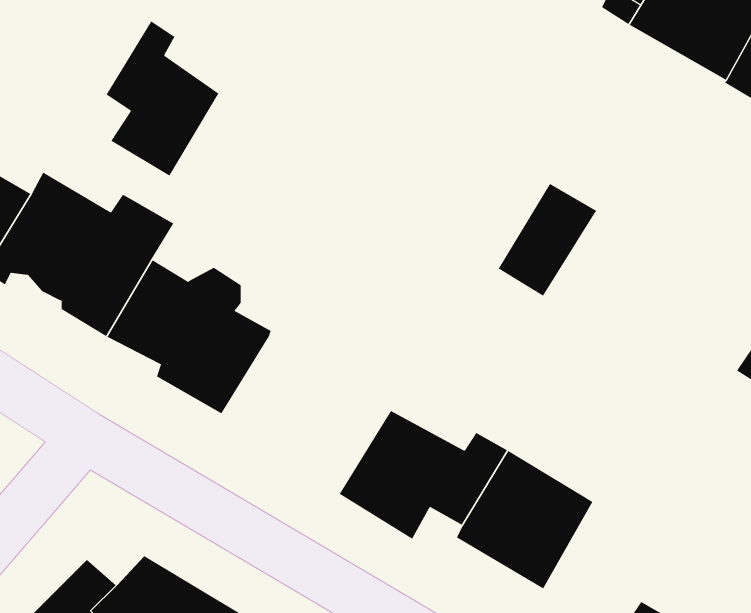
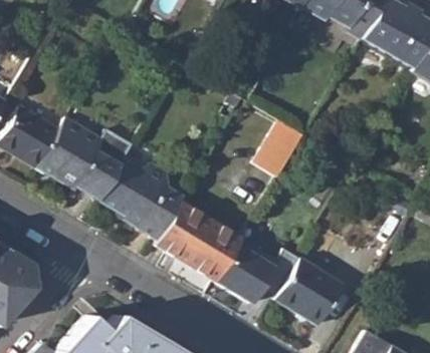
building: [106,20,219,176] -> none
building: [498,183,597,296] -> [256,118,306,175]
building: none -> [155,200,242,279]

